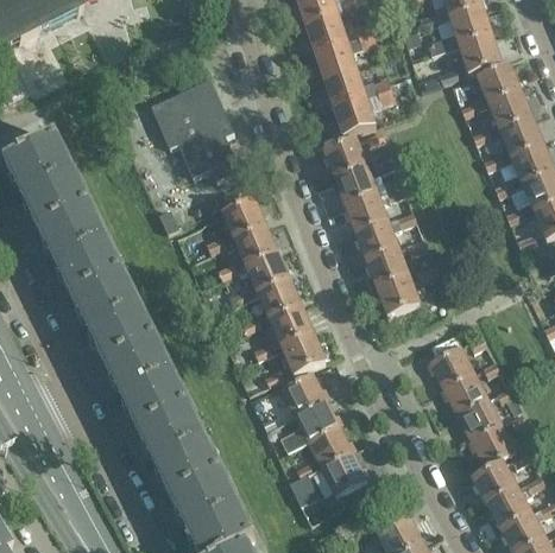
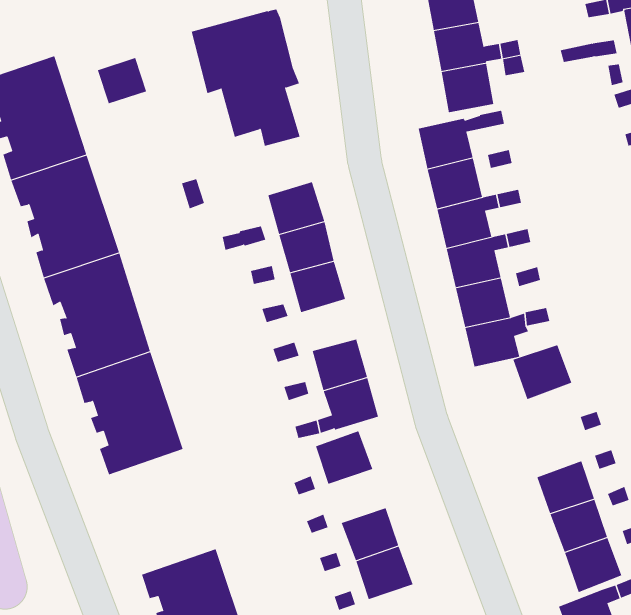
building: none -> [97,57,147,104]
building: [259,281,302,322] -> none
building: [430,347,475,389] -> [512,344,572,400]
building: [296,400,340,441] -> none
building: [138,405,222,498] -> none

